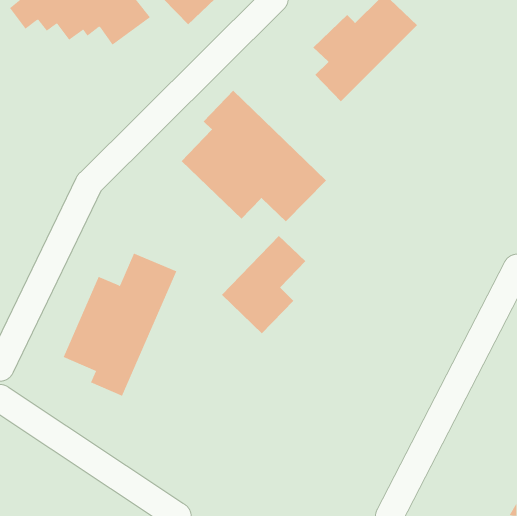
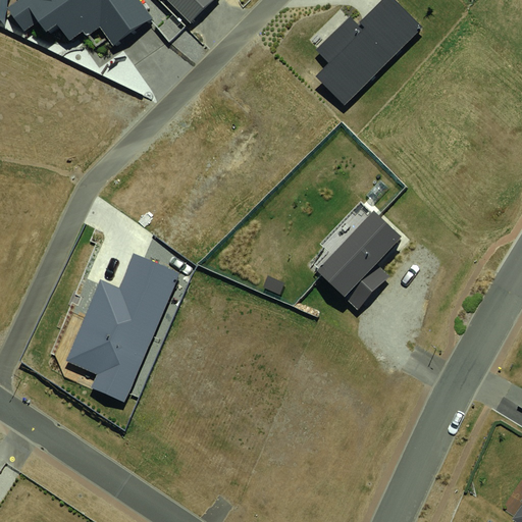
building: [181,90,327,222] -> none
building: [221,235,306,334] -> [316,209,402,309]

